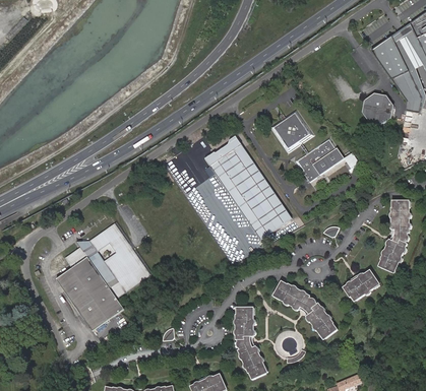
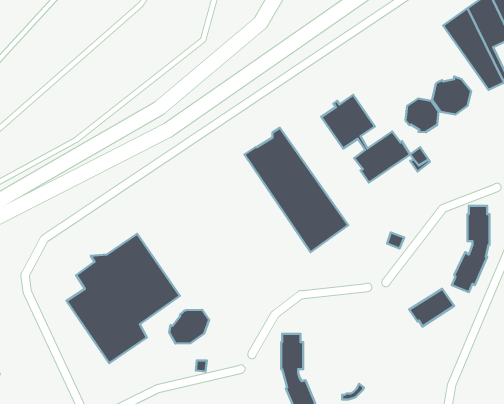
building: none -> [406,98,439,132]
building: [272,280,337,338] -> none
building: none -> [169,310,209,344]

